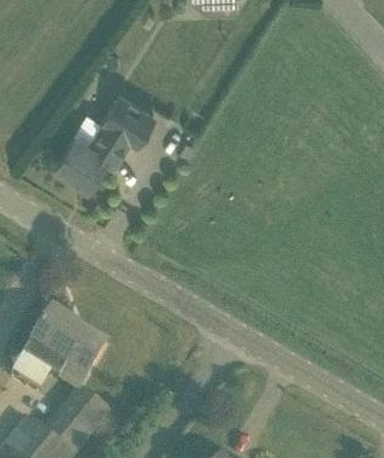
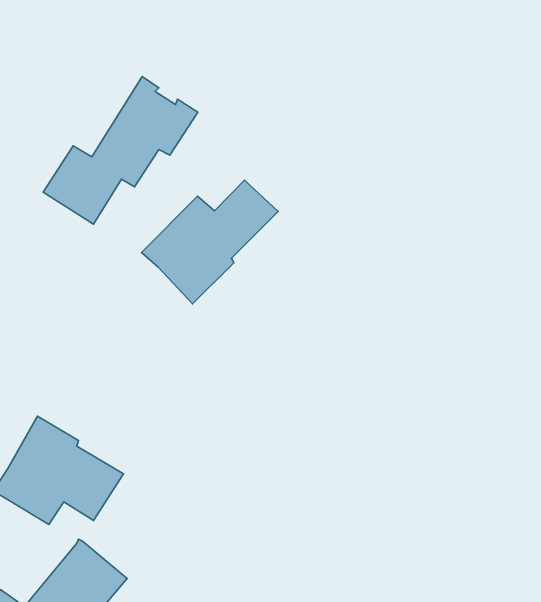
building: none -> [141,180,278,304]

